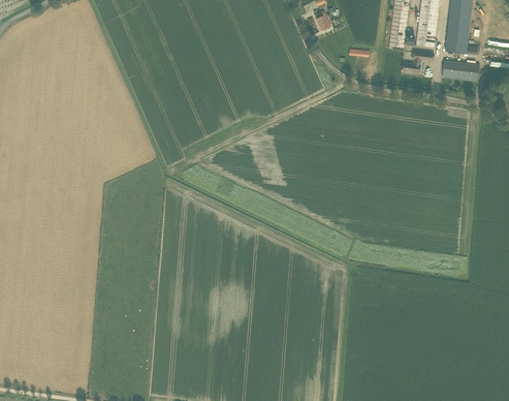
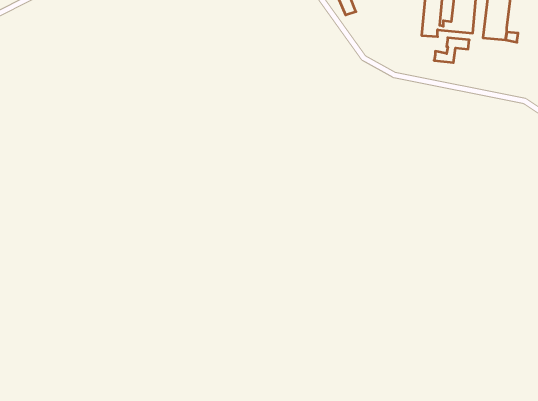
building: [441,59,478,80] -> none

